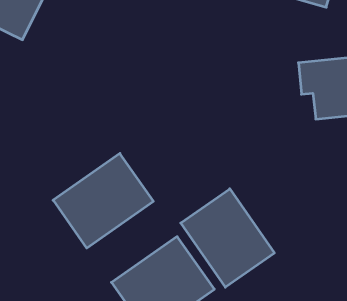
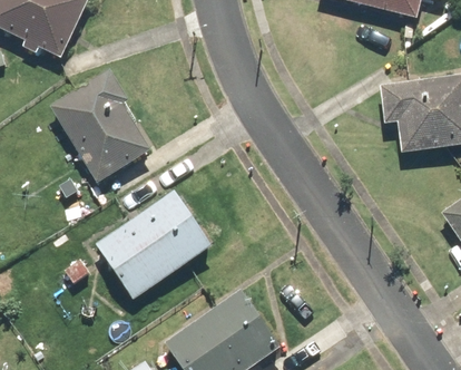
building: none -> [51,70,149,182]
building: [181,189,274,287] -> none

